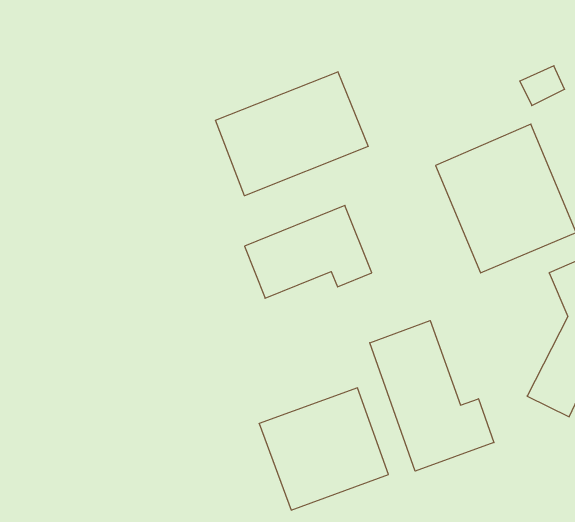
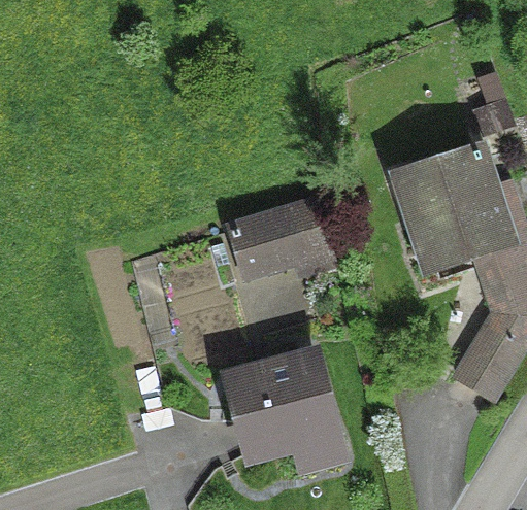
building: [215,72,368,196] -> none
building: [370,321,494,471] -> none

